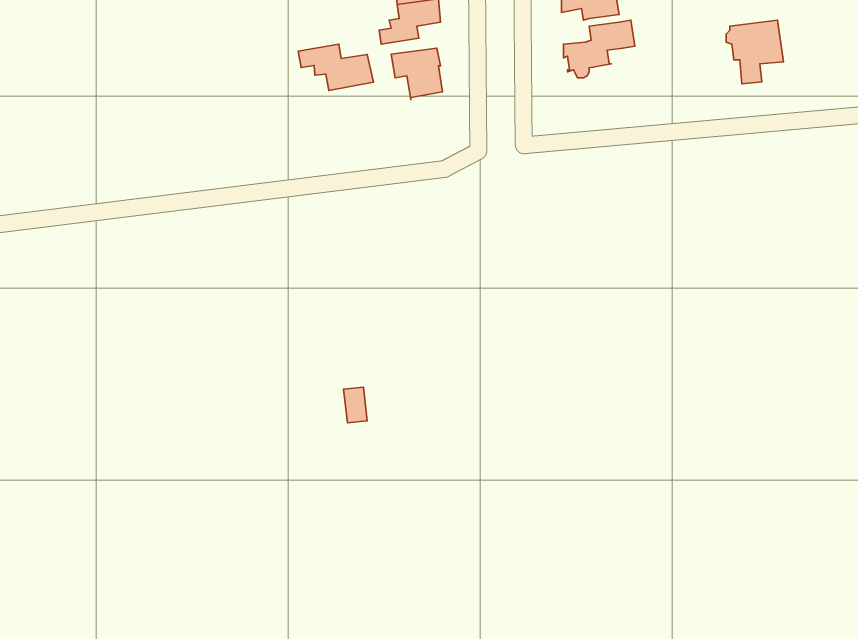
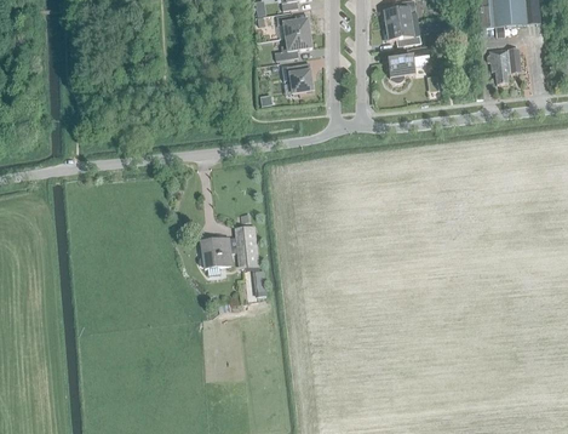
building: [298,44,374,91] -> none
building: none -> [197,224,259,268]

